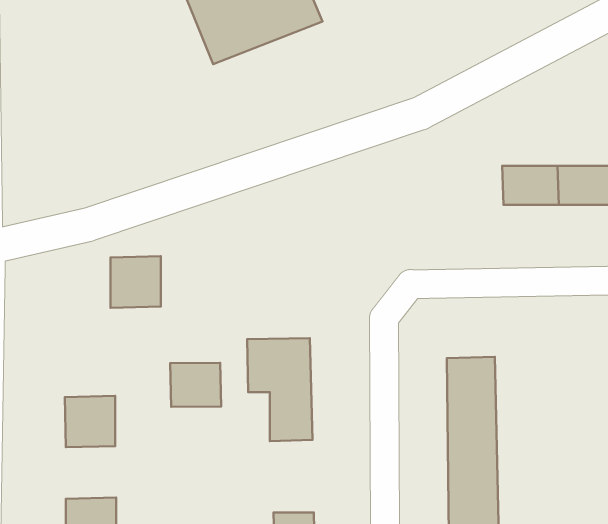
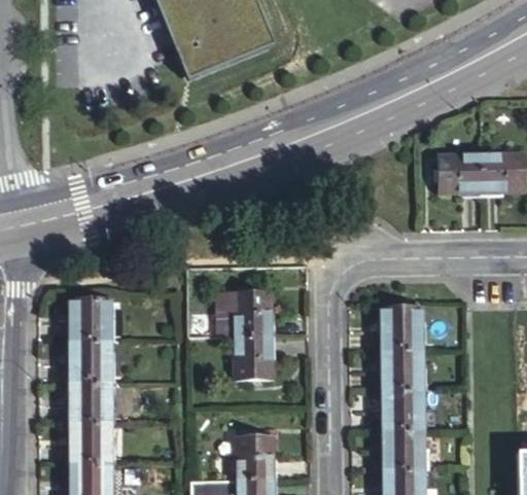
building: [110,256,161,308] -> [69,302,110,344]
building: [170,363,221,407] -> none
building: none -> [70,384,111,427]

